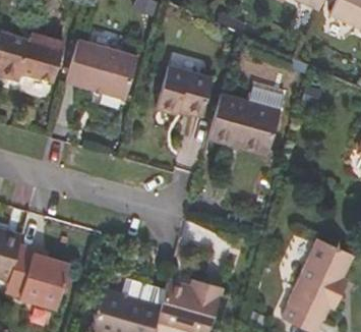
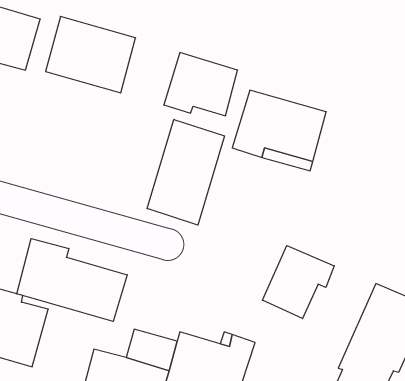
building: none -> [147,119,225,225]
building: none -> [17,239,127,321]
building: none -> [262,246,334,319]

